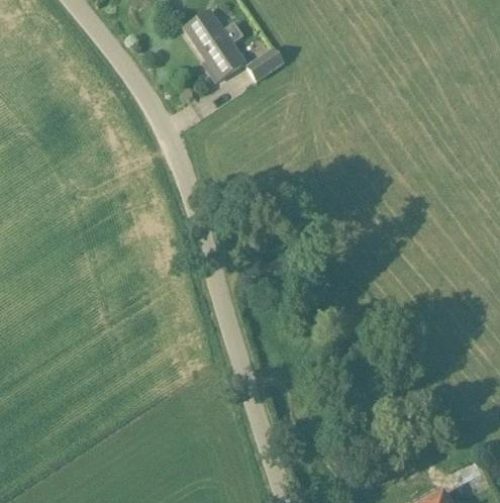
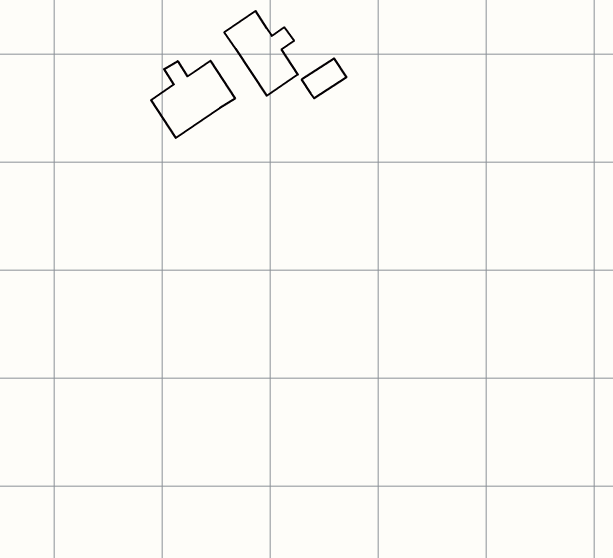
building: none -> [151,61,235,138]

